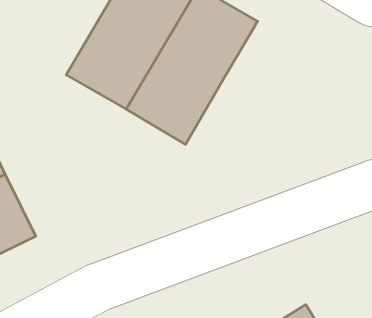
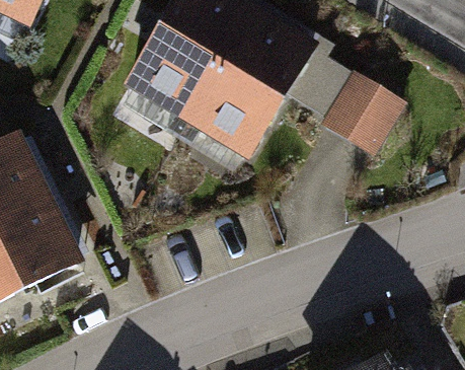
building: none -> [288,46,412,154]

